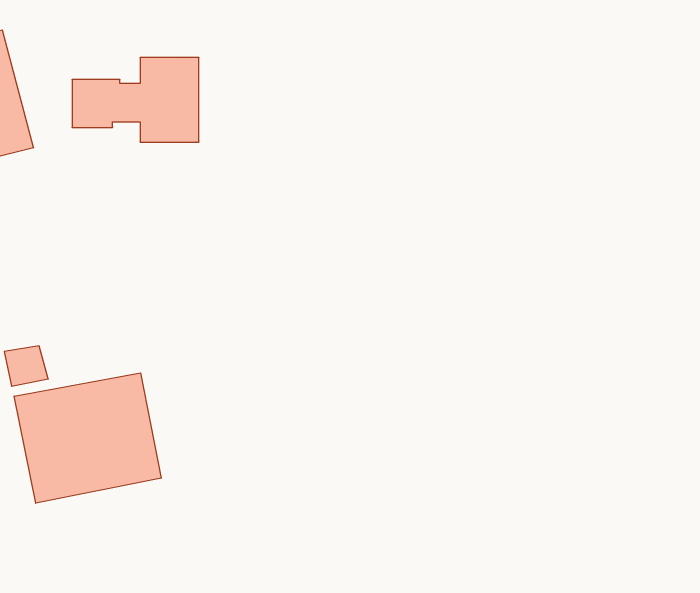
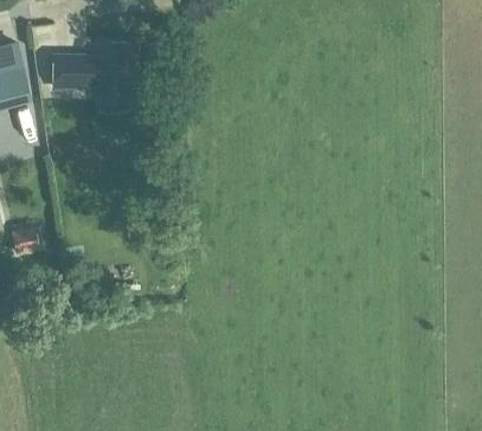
building: [14,373,161,503] -> none

